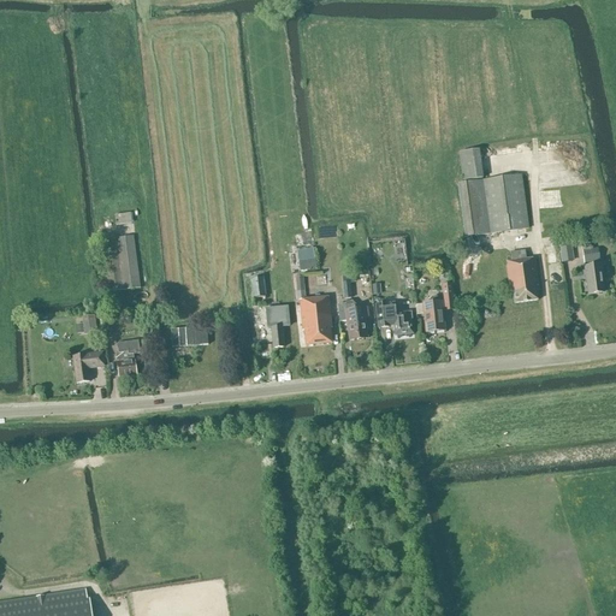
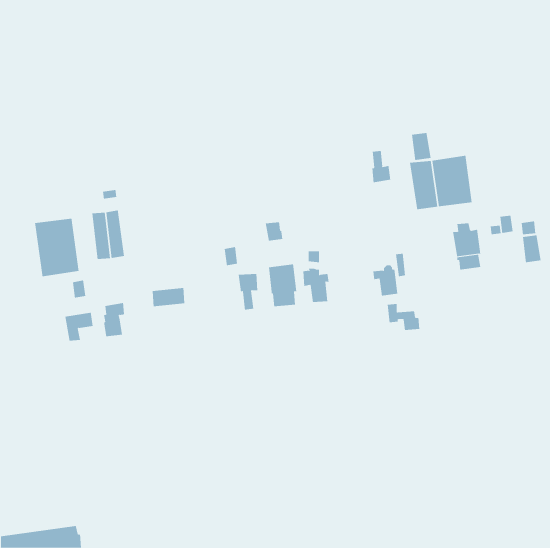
building: none -> [372,150,391,183]
building: none -> [35,218,79,277]
building: [375,303,413,333] -> [387,303,420,330]

